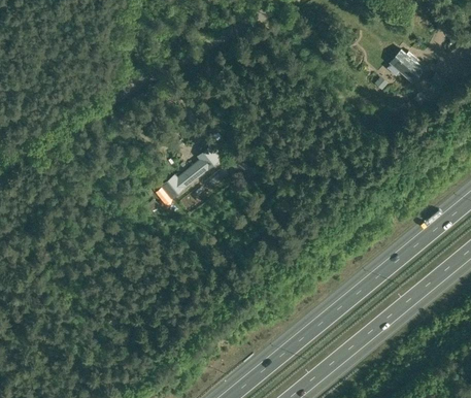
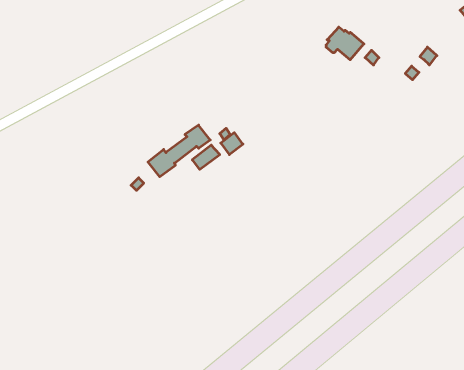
building: [386,51,424,82] -> [326,27,364,60]

